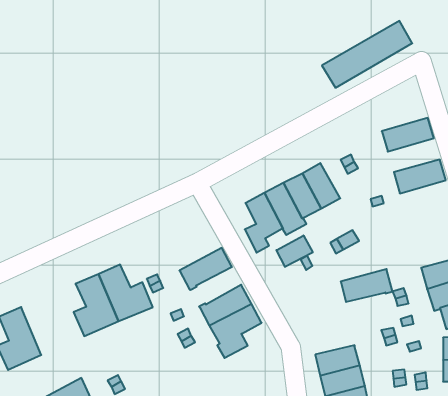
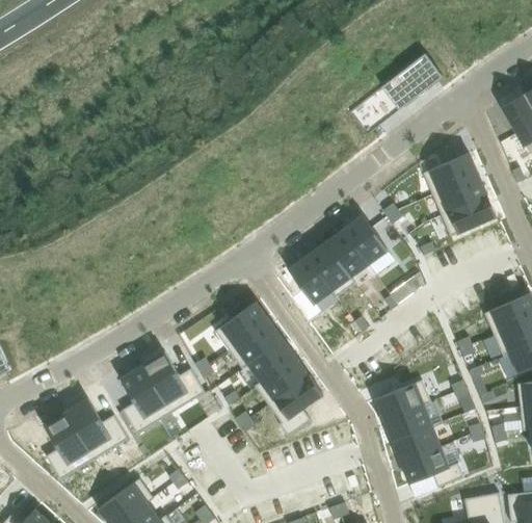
building: none -> [432,173,488,214]
building: none -> [215,300,270,349]
building: [276,235,313,267] -> none
building: none -> [248,338,296,382]
building: [341,269,392,302] -> [376,378,432,419]
building: none -> [66,397,129,459]

